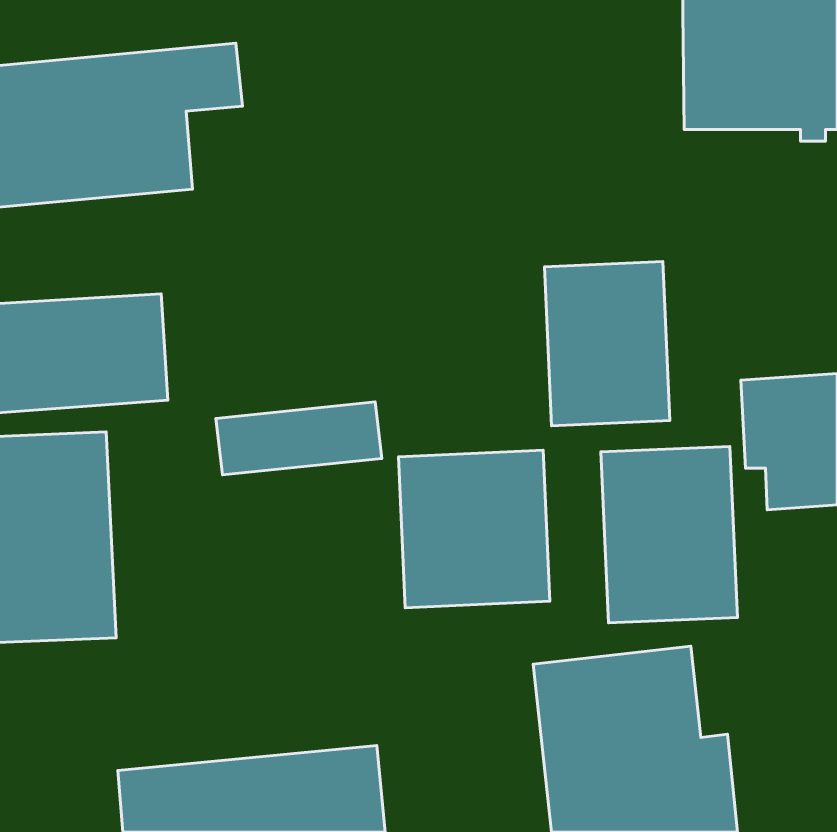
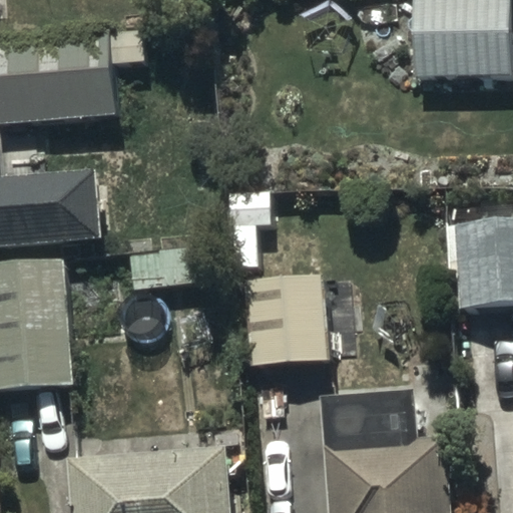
building: [545,262,670,426] -> none
building: [601,447,738,623] -> none

